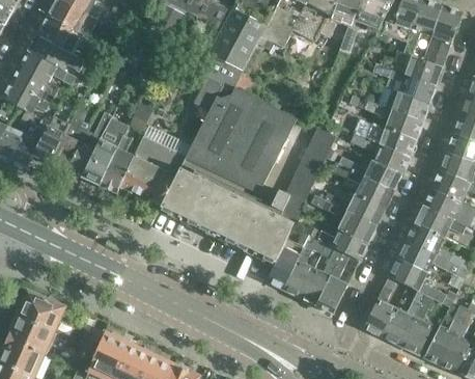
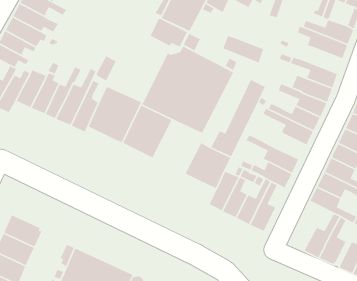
building: [379,87,429,121] -> [222,35,264,63]
building: [199,178,261,243] -> none
building: [325,192,386,225] -> none
building: [363,276,397,336] -> none

